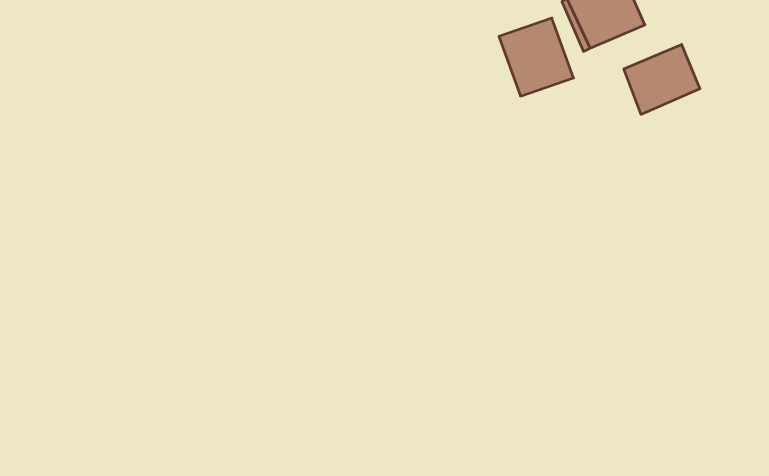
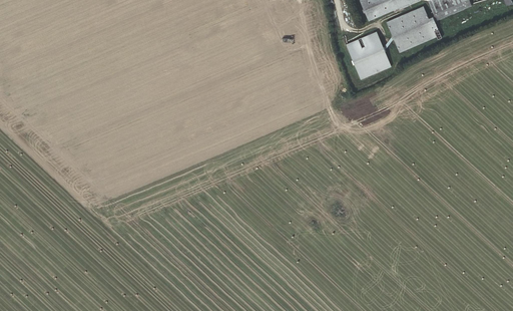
building: [624,44,700,114] -> none

